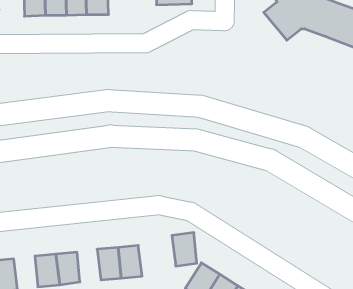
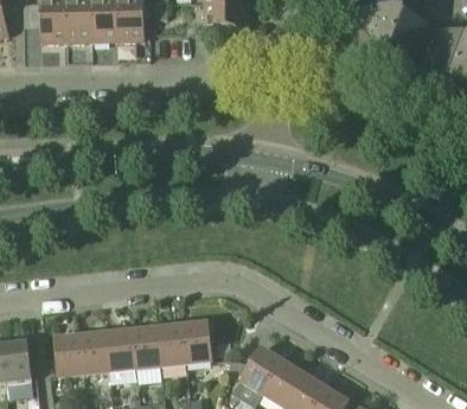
building: [172,233,197,266] -> [181,322,212,364]
building: none -> [105,331,135,371]

